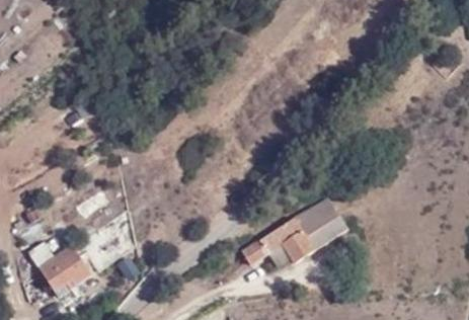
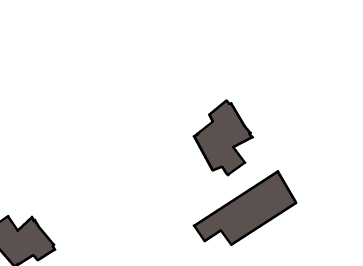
building: none -> [194,101,253,175]

